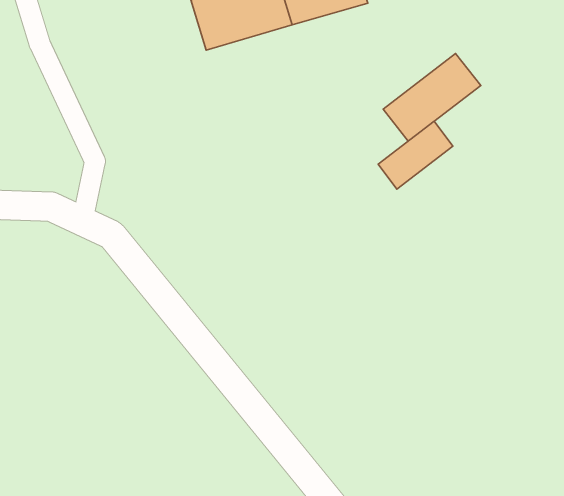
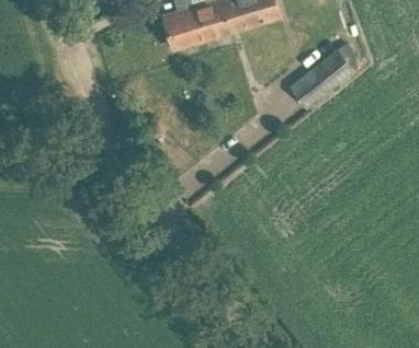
building: [378,121,453,189] -> none

